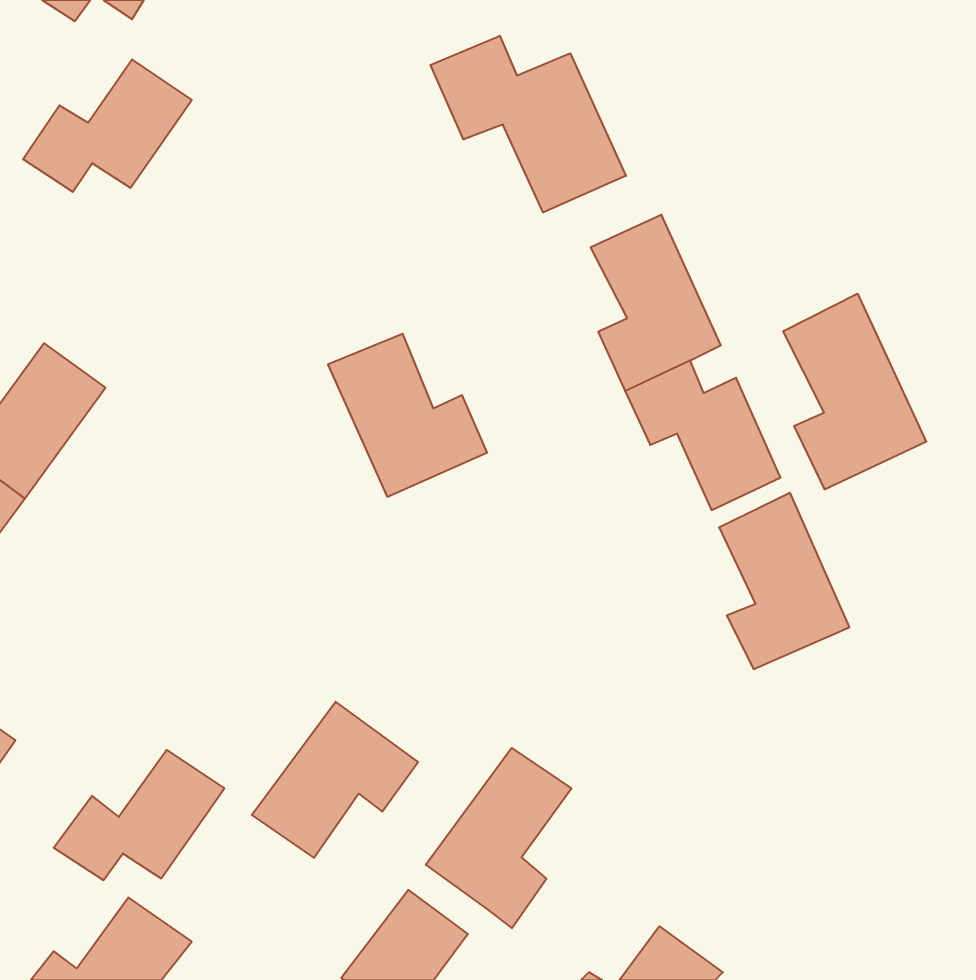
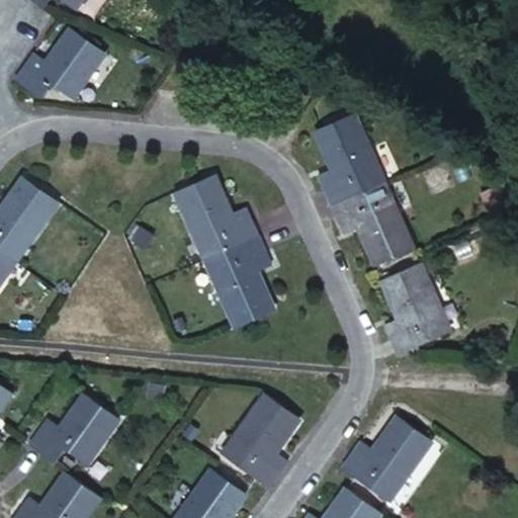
building: [430,36,626,212] -> none
building: [783,294,926,489] -> none
building: none -> [204,239,273,331]
building: [252,702,418,858] -> none
building: none -> [343,415,434,500]

